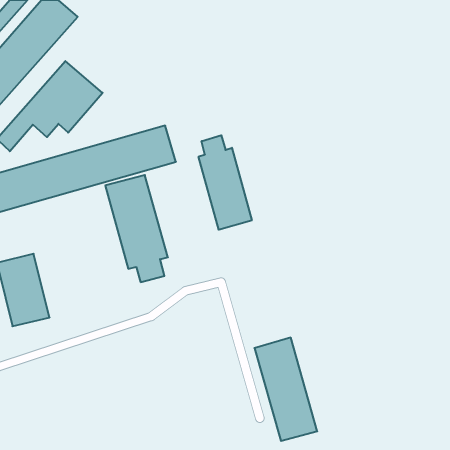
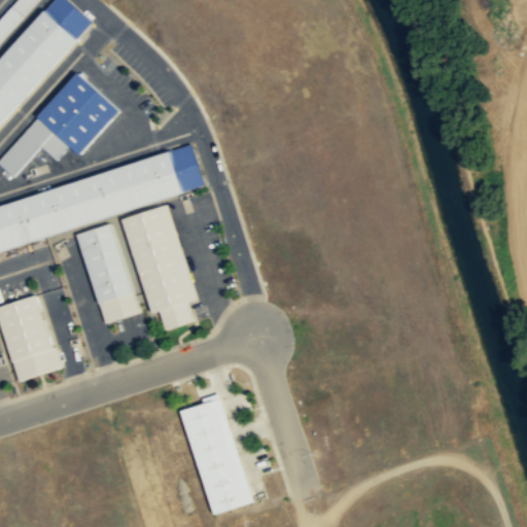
building: [199,135,252,230] -> none
building: none -> [77,224,137,324]
building: [254,338,317,441] -> [179,394,252,515]

